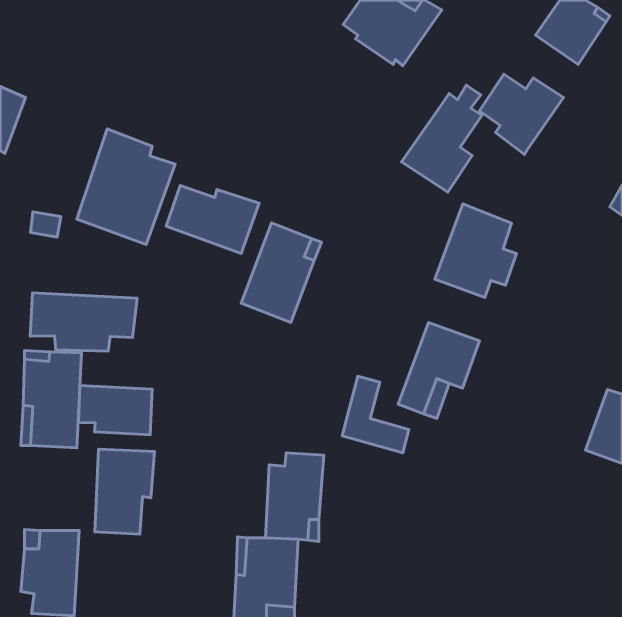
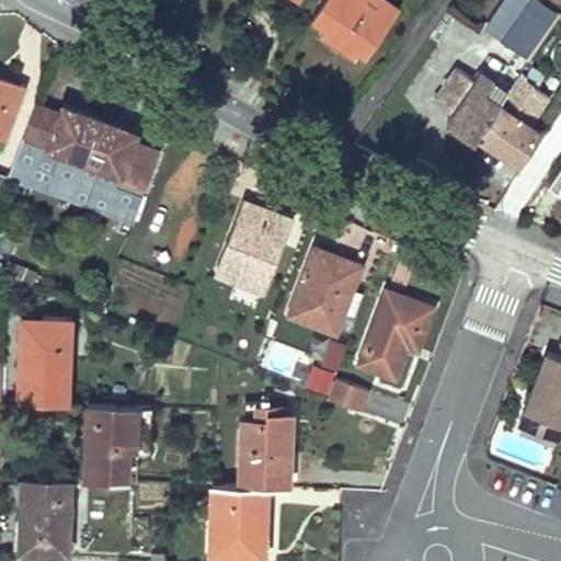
building: [402,85,482,192] -> [474,70,547,167]
building: none -> [9,106,96,202]
building: [166,186,259,253] -> none
building: [435,204,516,297] -> [290,251,364,335]
building: [30,293,137,351] -> none
building: [78,385,152,435] -> none

